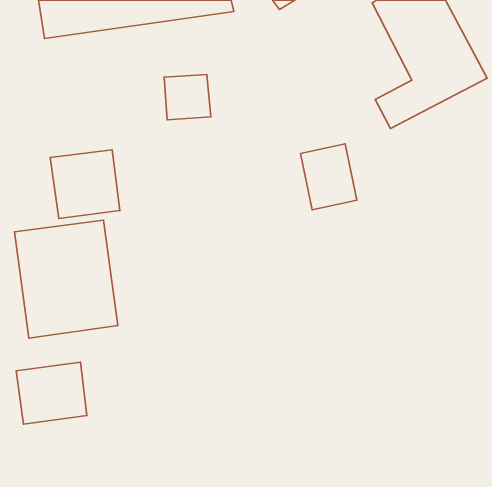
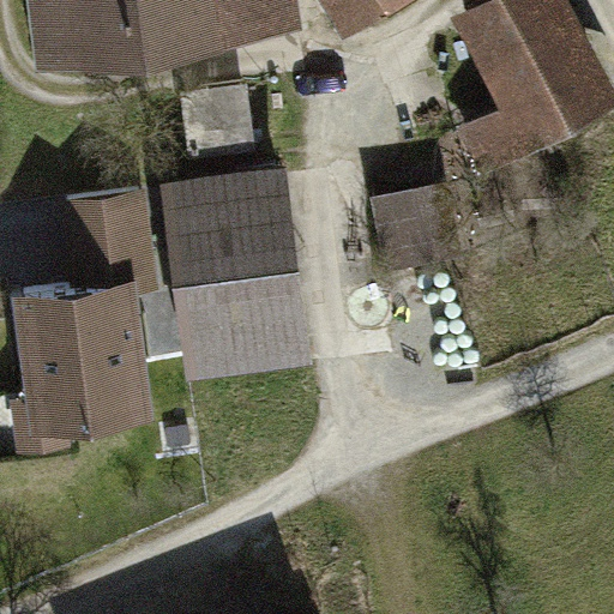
building: none -> [163,176,305,363]
building: [16,362,87,424] -> none

